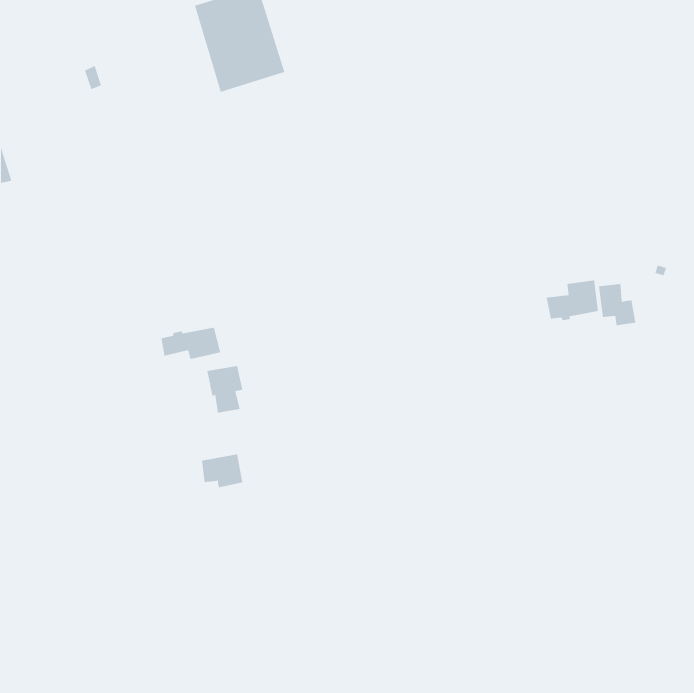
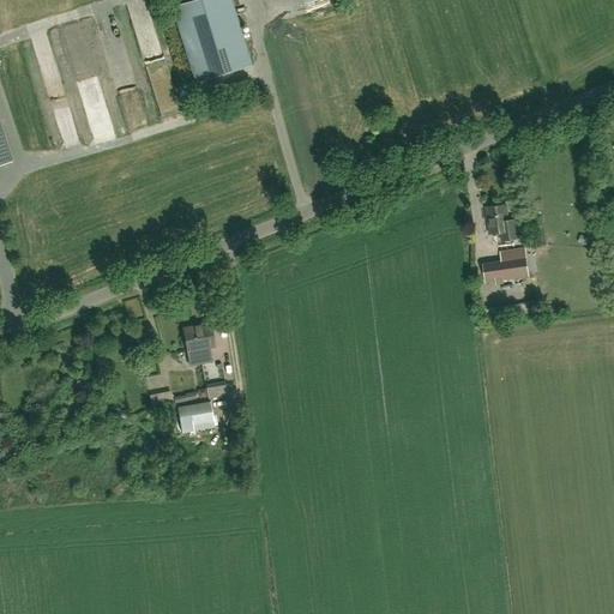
building: [598,284,636,326] -> [486,203,519,240]
building: [161,327,221,360] -> none

